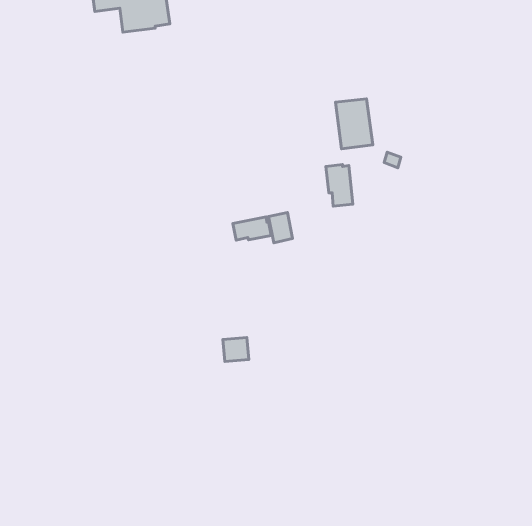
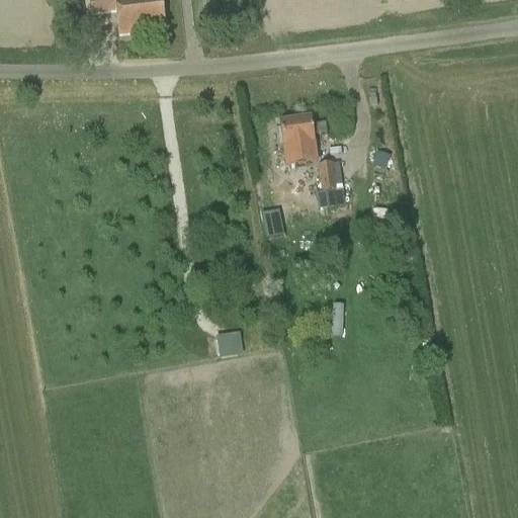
building: [335,99,373,149] -> [280,114,317,163]
building: [233,217,271,240] -> none

